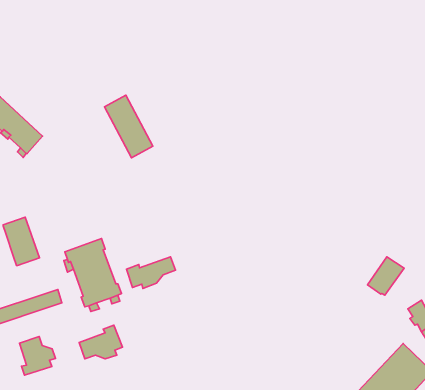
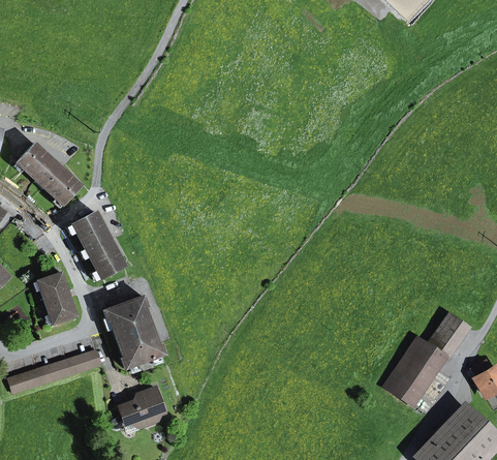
building: [105,95,153,158] -> [72,211,124,278]
building: [126,257,176,288] -> none
building: none -> [383,337,442,403]
building: [20,337,56,375] -> none

